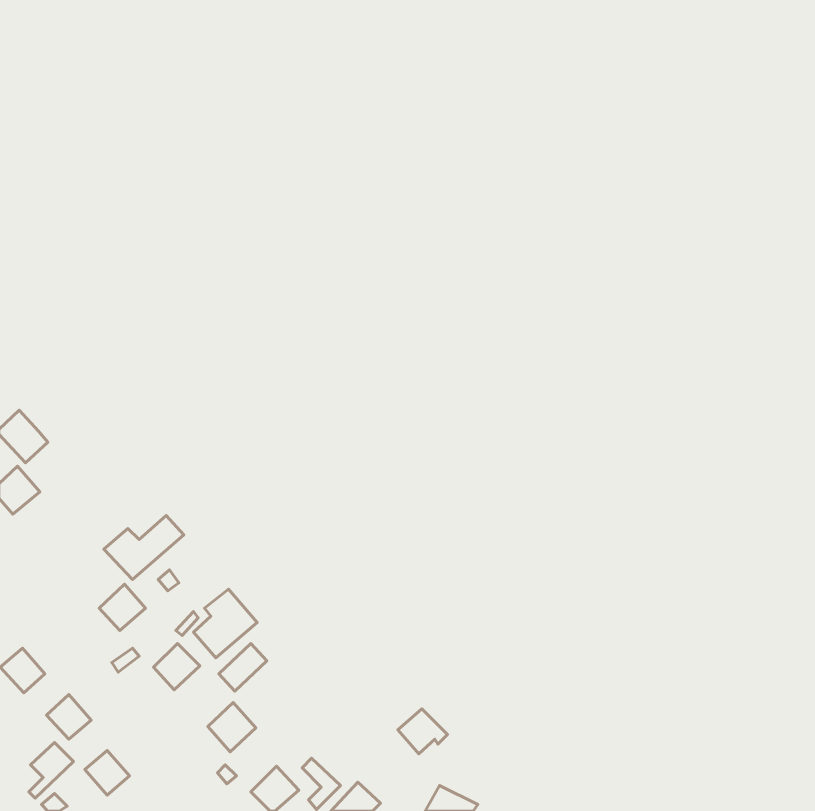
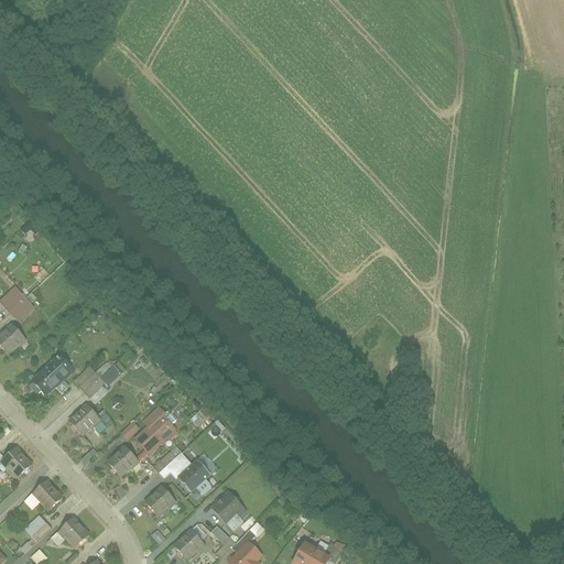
building: none -> [33,355,75,395]
building: none -> [177,458,210,490]
building: [398,709,447,754] -> [212,491,246,522]

